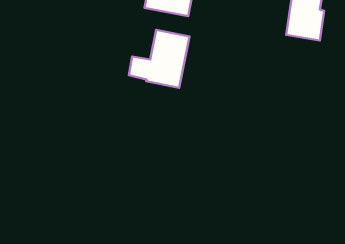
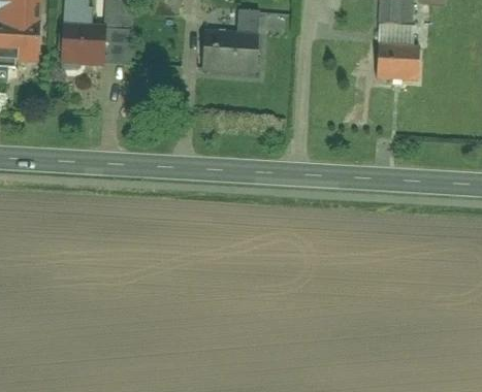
building: [129,30,190,88] -> none

